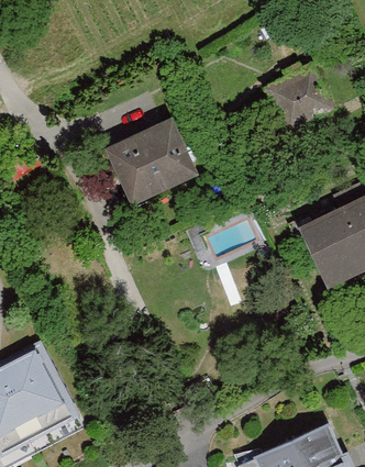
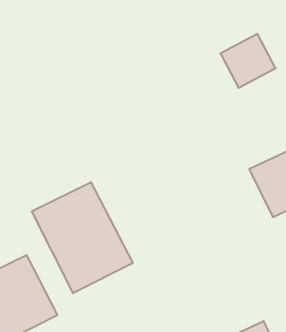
building: [112,127,202,214] -> none
building: none -> [32,182,133,293]

